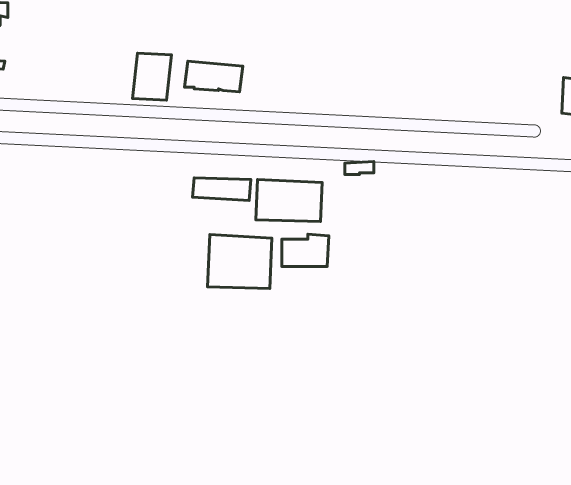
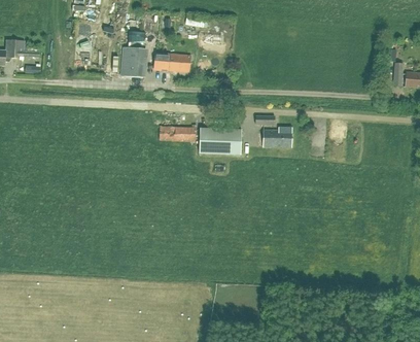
building: [282,234,329,267] -> [262,126,292,146]
building: [208,234,272,289] -> none

